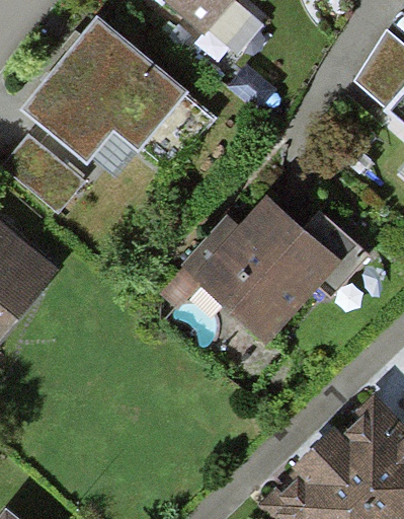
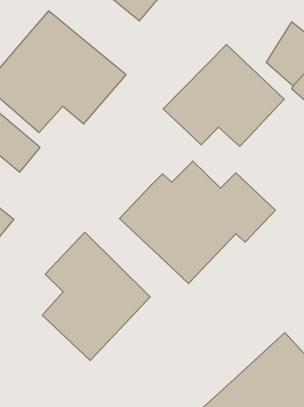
building: none -> [163,44,284,146]
building: none -> [42,232,150,361]

